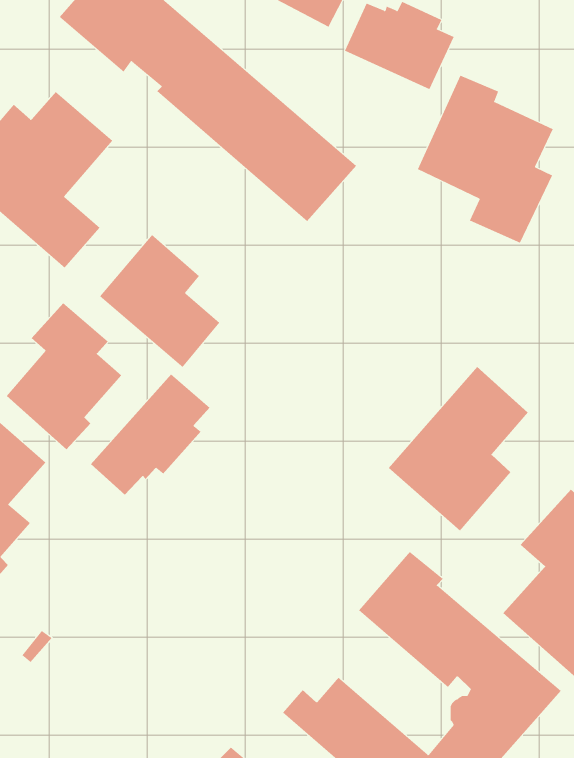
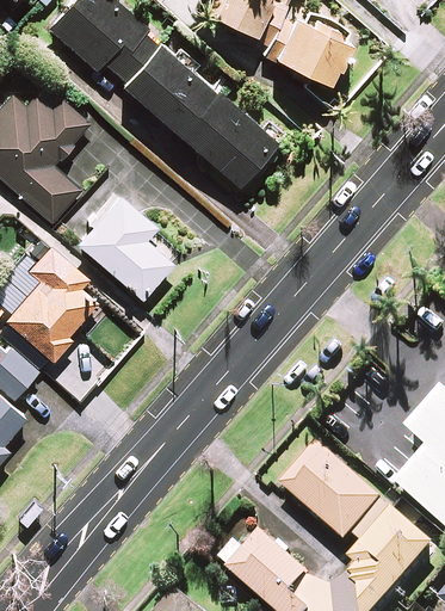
building: [417,75,553,244] -> none
building: [388,366,528,532] -> none
building: [90,374,210,496] -> none

